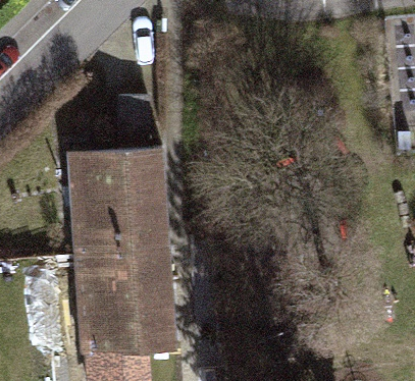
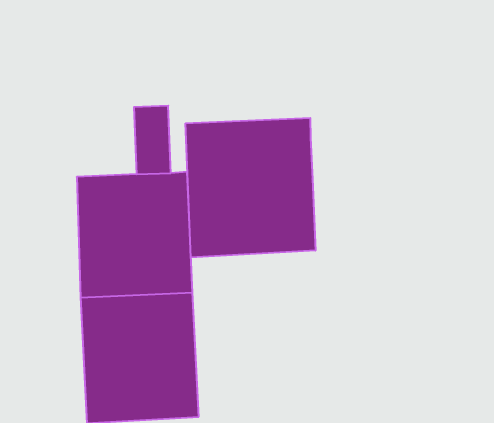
building: none -> [186,118,315,257]

